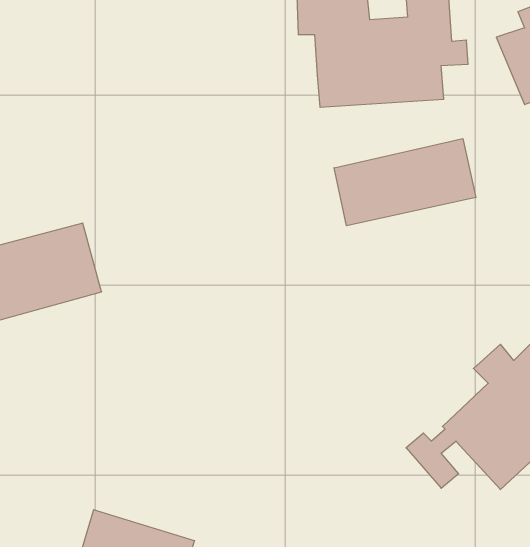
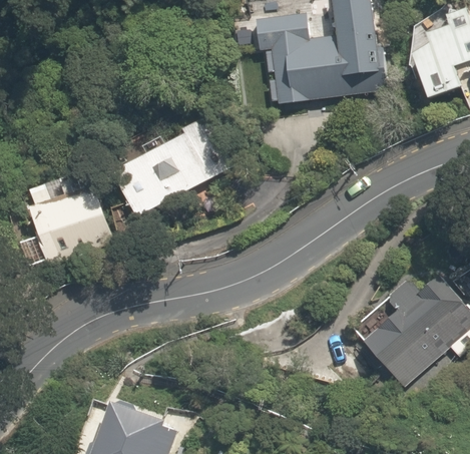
building: none -> [104,117,228,224]
building: [334,139,476,226] -> none

